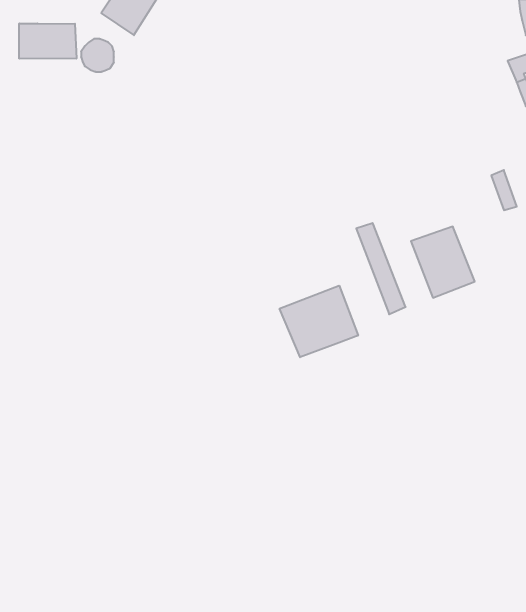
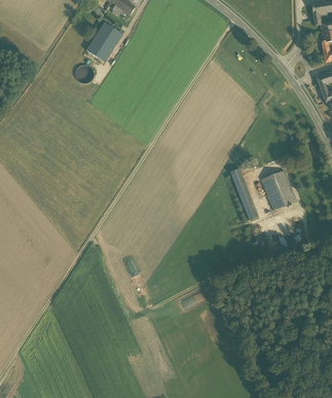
building: [19,23,76,59] -> none
building: [280,286,358,357] -> none

